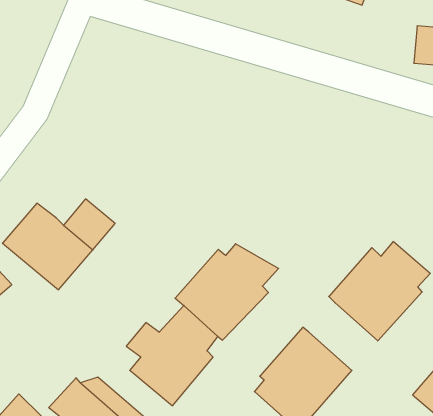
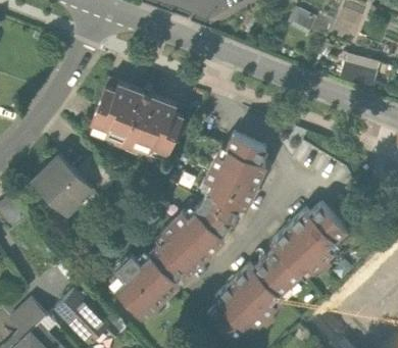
building: none -> [89,84,184,161]
building: none -> [199,134,266,222]
building: none -> [251,252,302,304]

